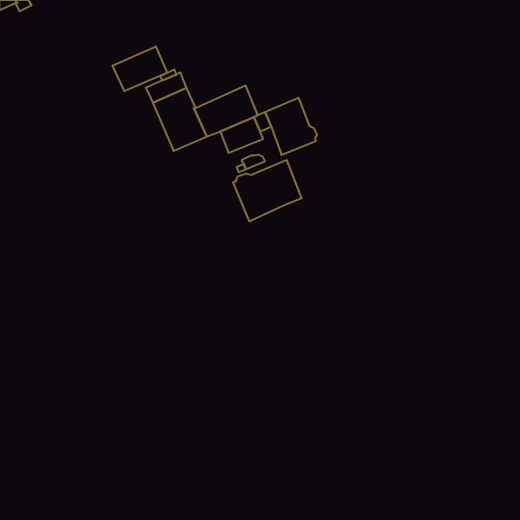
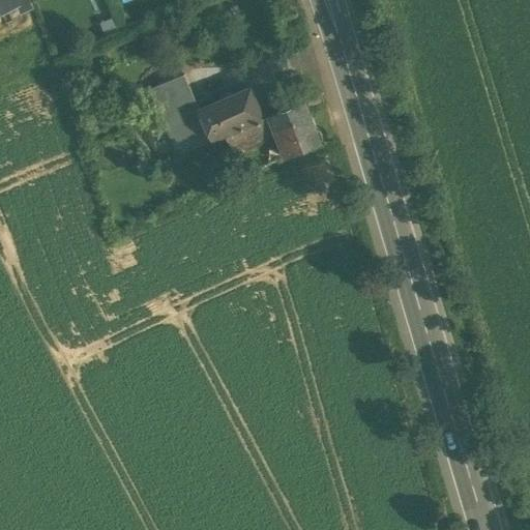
building: [113,46,167,91] -> none
building: [233,160,302,221] -> none

